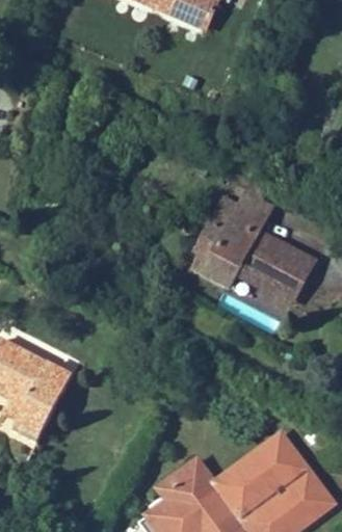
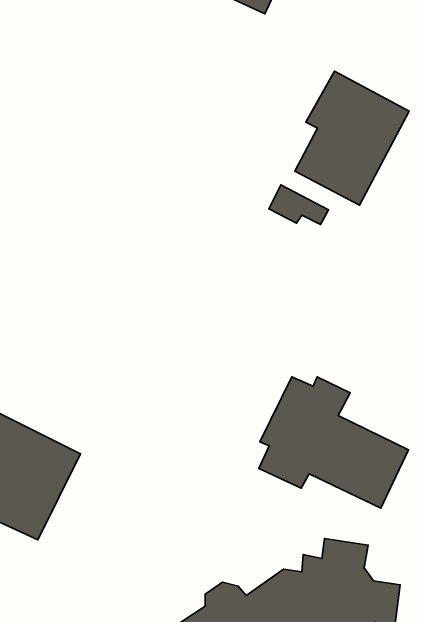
building: none -> [295,71,409,205]
building: [194,200,312,302] -> [259,377,409,508]

